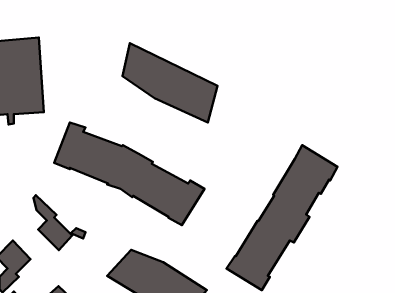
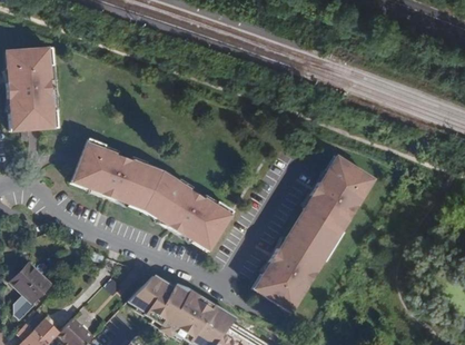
building: [123,43,217,123] -> none
building: [34,195,72,250] -> none

